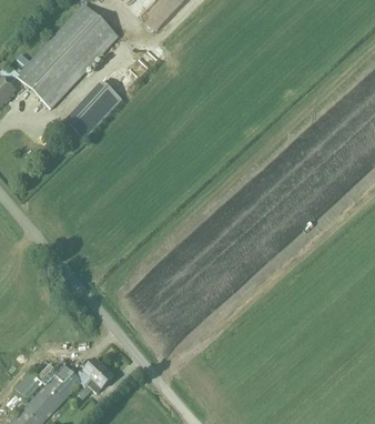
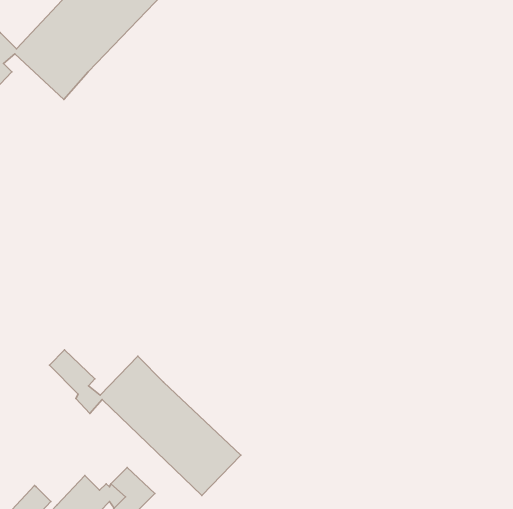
building: [64,79,122,138] -> none
building: none -> [49,350,241,496]

